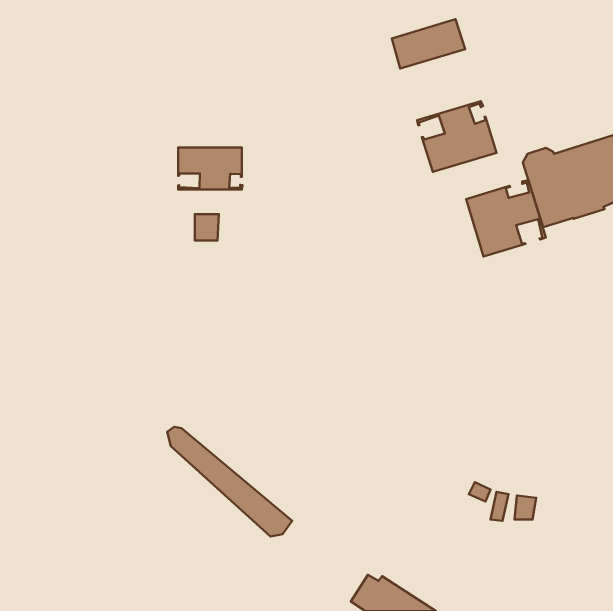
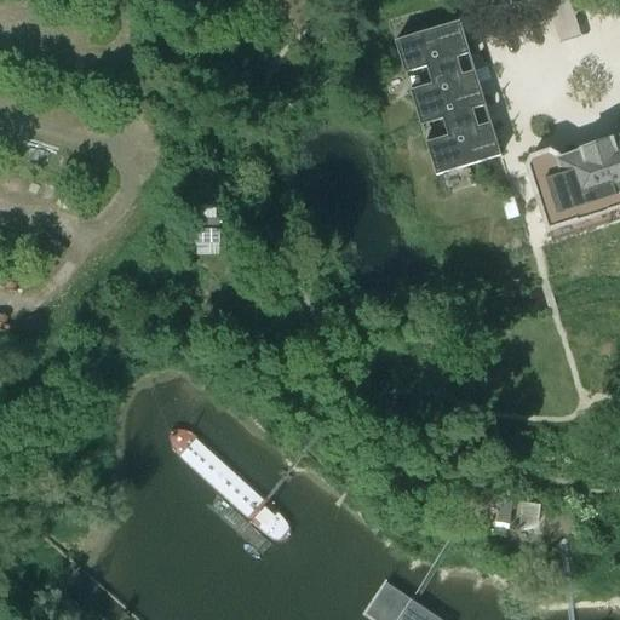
building: none -> [404,50,486,121]
building: [178,148,243,189] -> none
building: [466,180,546,256] -> none

